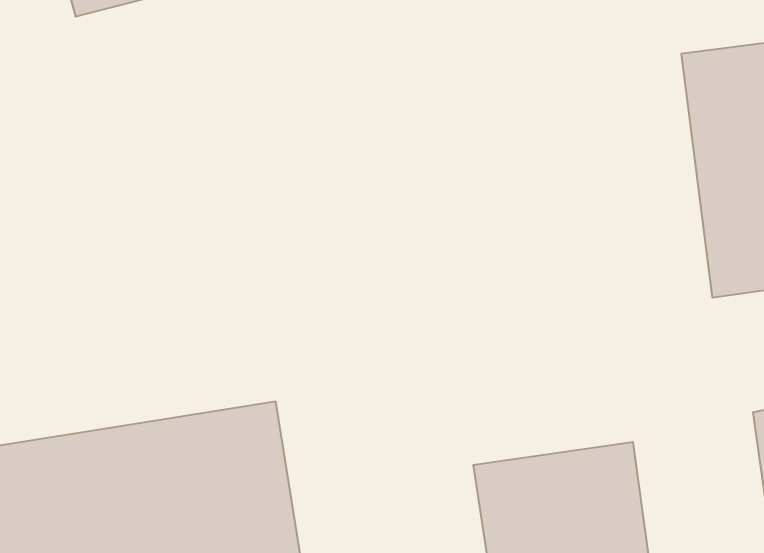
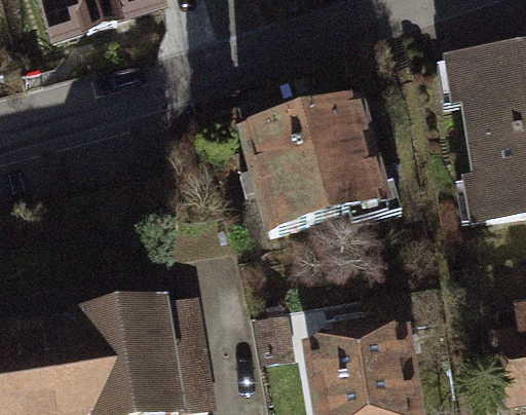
building: none -> [256,108,398,235]

